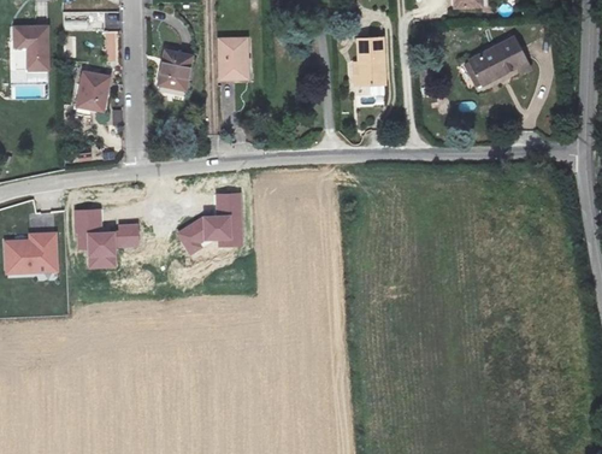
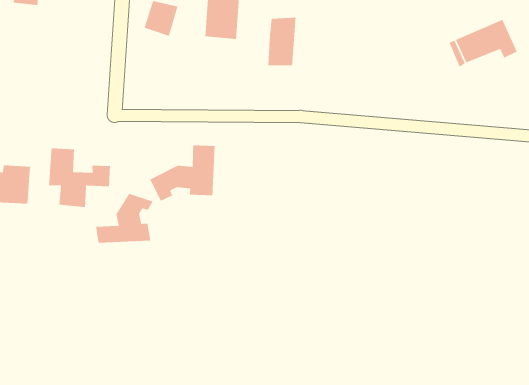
building: [356,37,383,89] -> [267,17,296,66]
building: [75,77,106,113] -> none
building: none -> [95,193,154,244]

